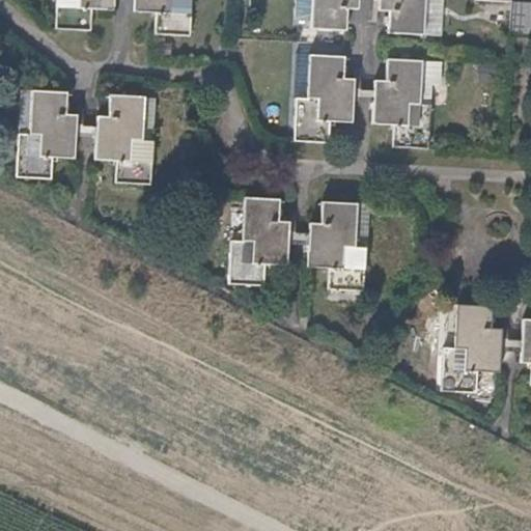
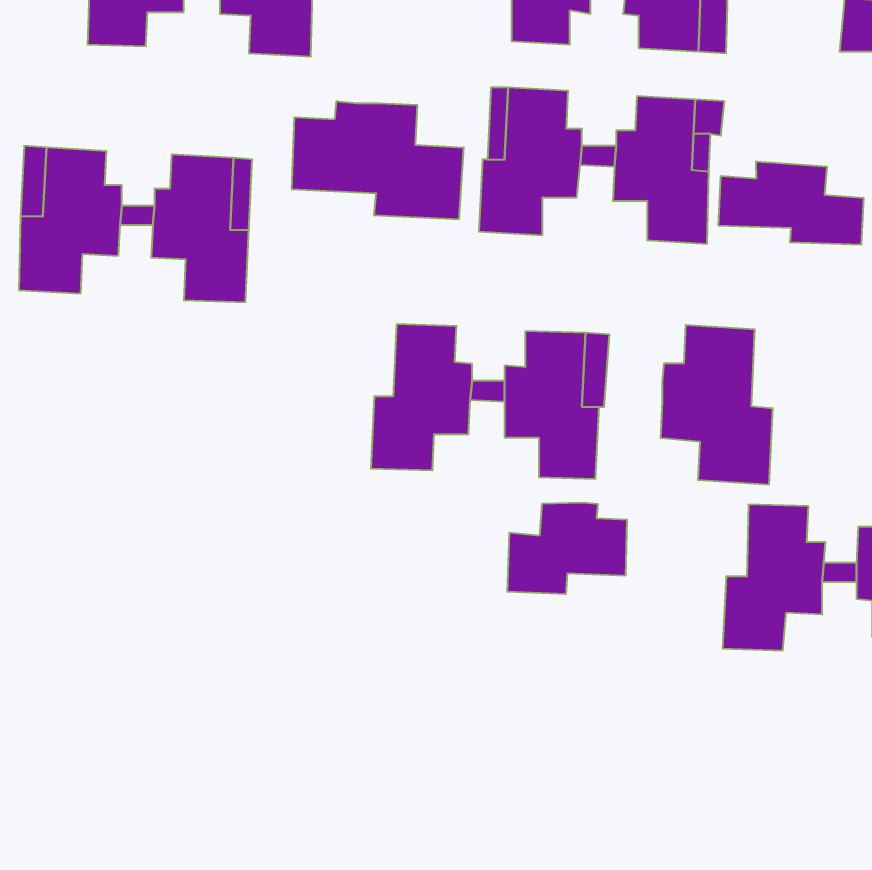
building: none -> [292,101,464,219]
building: none -> [718,161,863,245]
building: none -> [661,325,773,485]
building: none -> [508,503,627,594]

